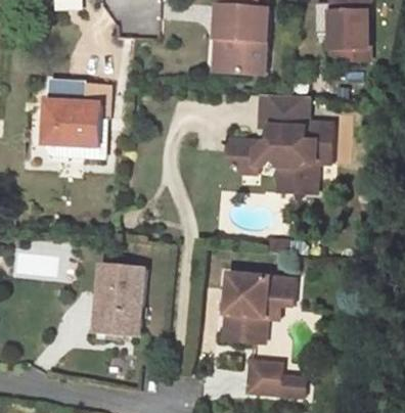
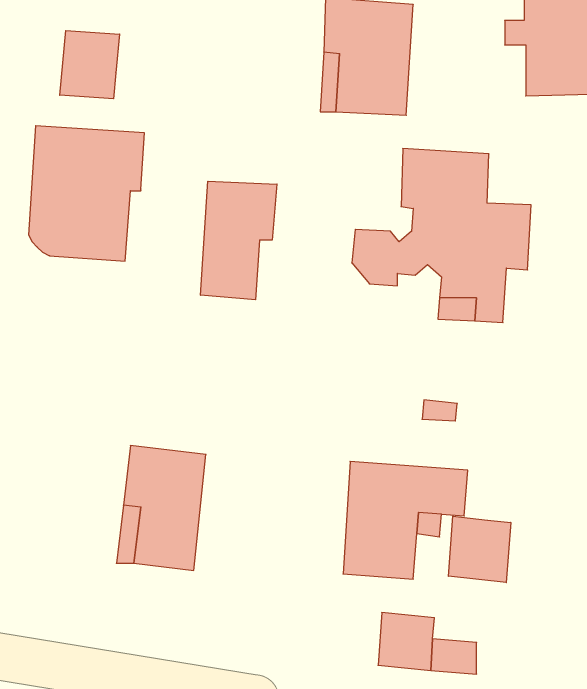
building: none -> [60,31,120,99]
building: none -> [201,181,277,300]
building: none -> [448,516,511,583]

